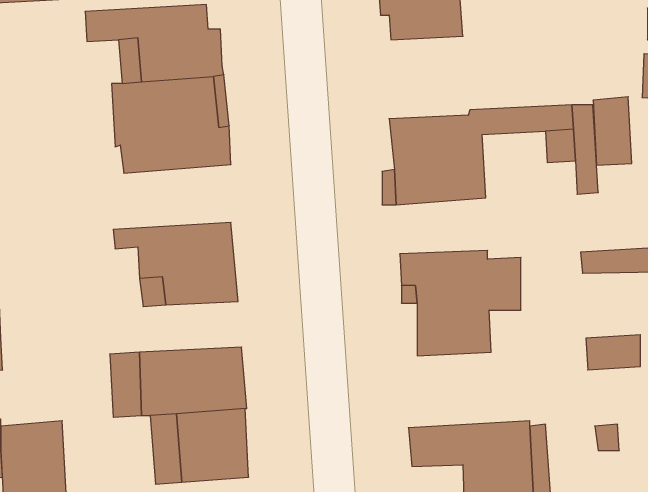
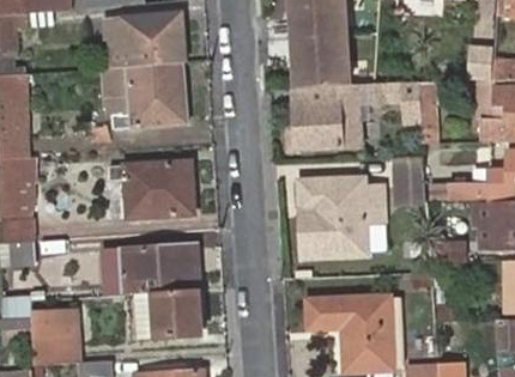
building: none -> [292,35,351,87]
building: [593,97,632,165] -> [400,154,426,201]

